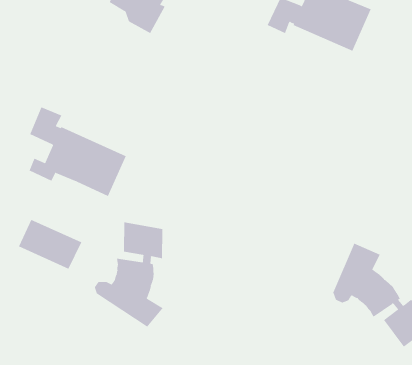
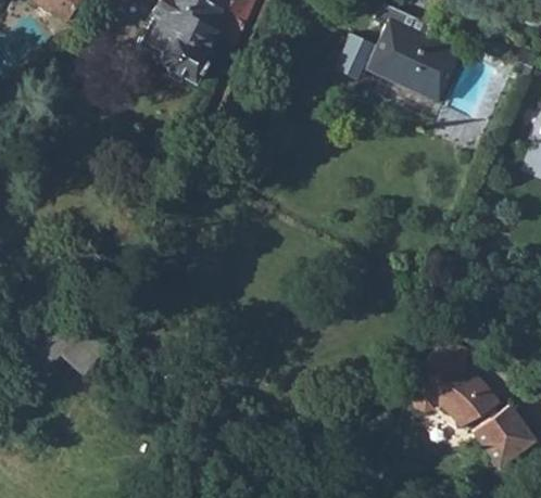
building: [29,107,127,197] -> none
building: [94,221,163,328] -> none

